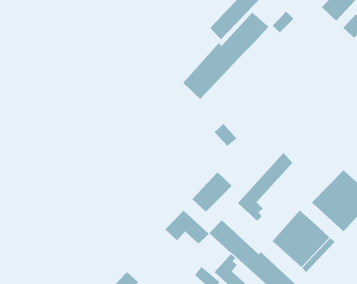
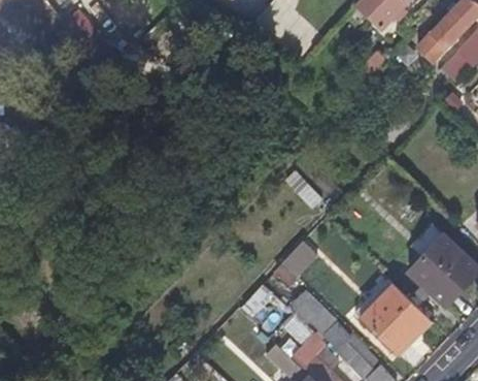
building: [183,12,269,100] -> none
building: [237,152,293,221] -> none

